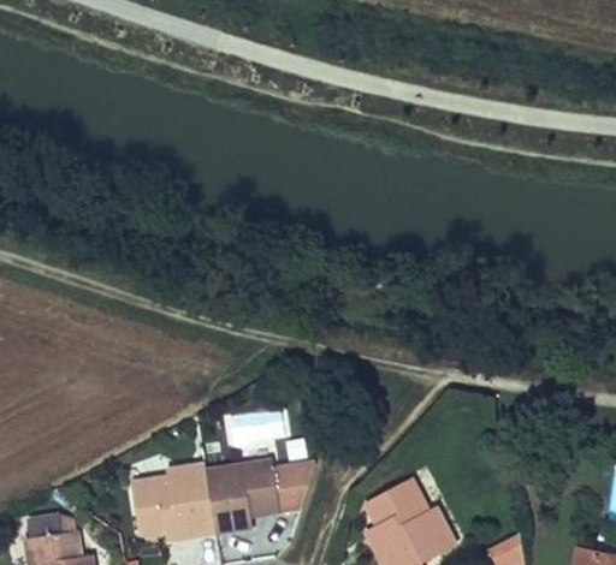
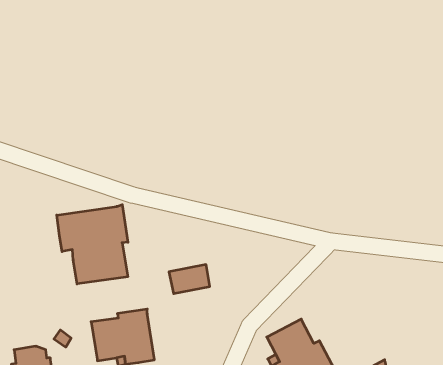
building: none -> [57,205,128,284]
building: [206,462,315,533] -> none

